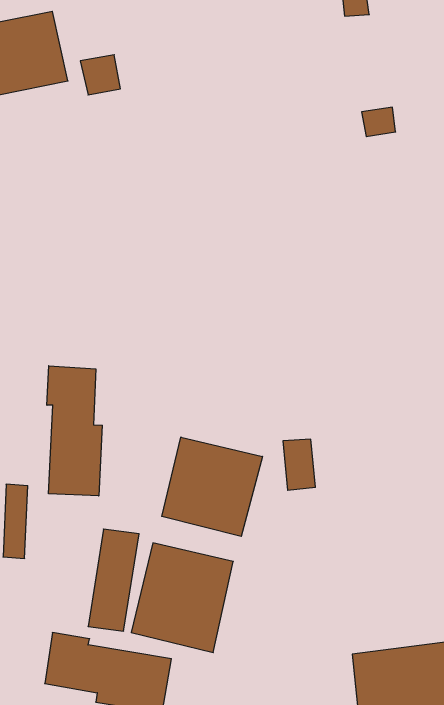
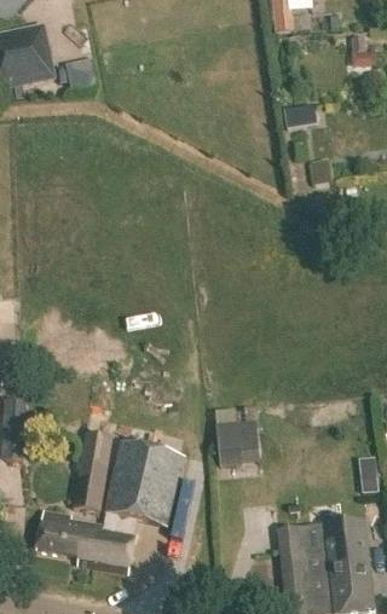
building: [47,366,102,496] -> none
building: [162,437,262,536] -> none
building: [283,439,315,490] -> [218,424,243,464]

